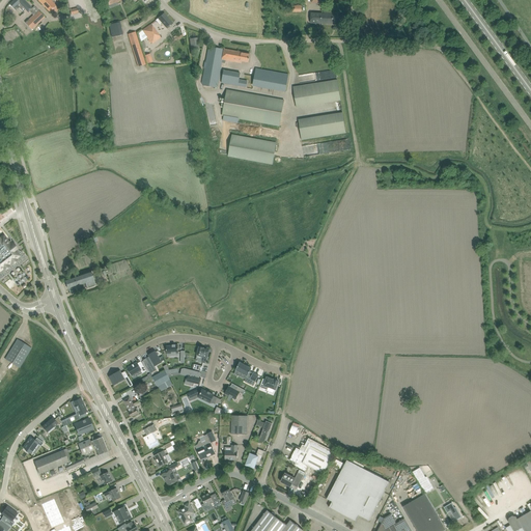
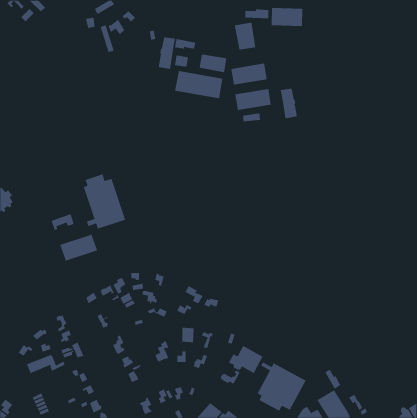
building: none -> [271,7,303,27]
building: none -> [234,22,256,51]
building: none -> [280,88,297,119]
building: [227,134,276,163] -> none
building: none -> [83,173,126,230]
building: none -> [60,234,98,261]
building: [4,339,30,368] -> none

